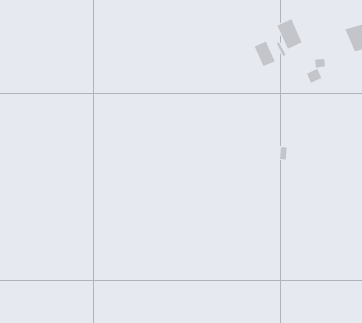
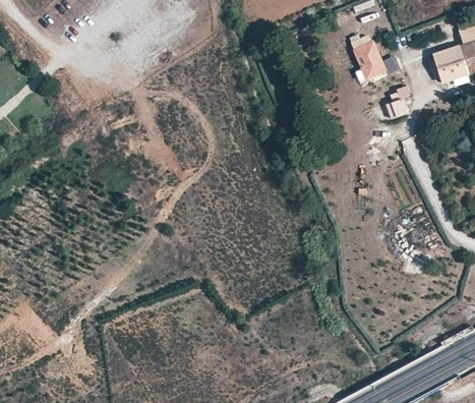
building: [254,41,276,67] -> none

